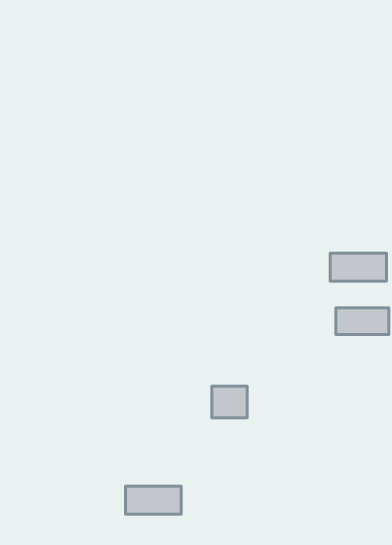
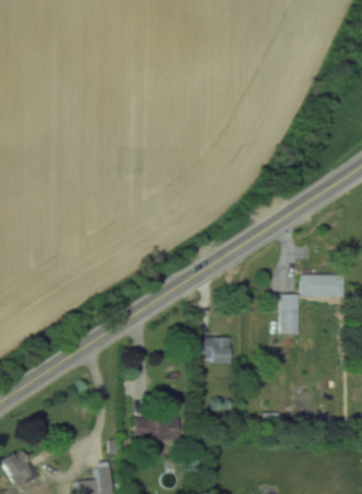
building: [330,253,387,281] -> none
building: none -> [281,294,300,332]

